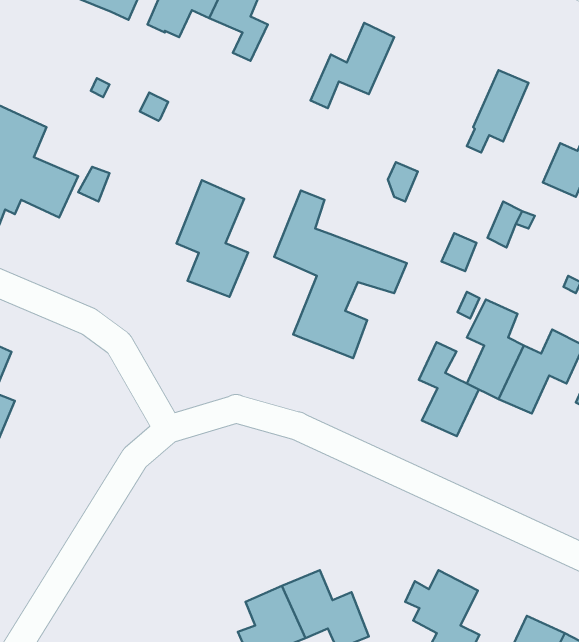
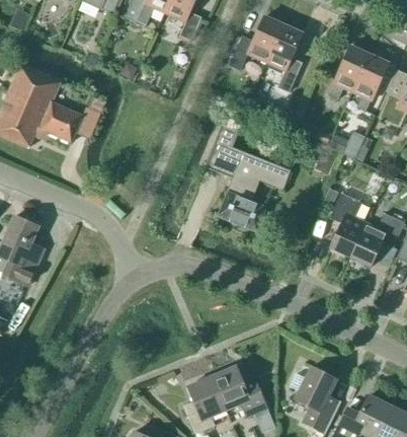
building: none -> [266,24,302,91]
building: none -> [352,54,388,111]
building: [176,180,248,297] -> none
building: [419,342,479,436] -> none

